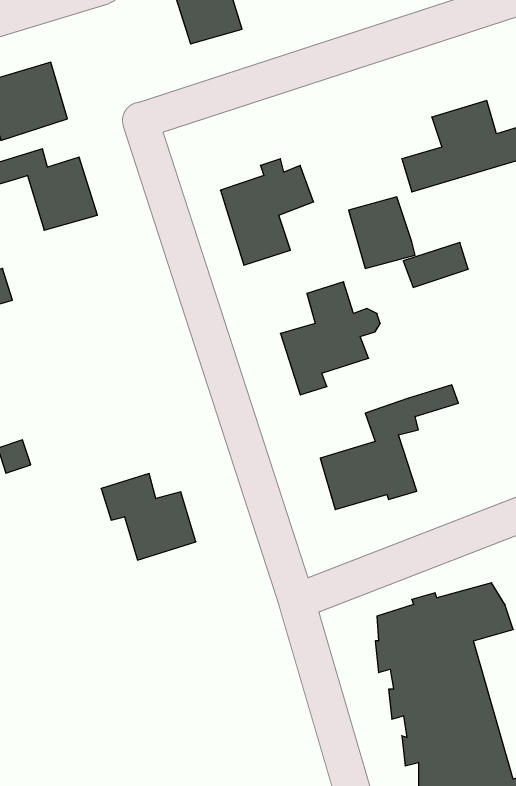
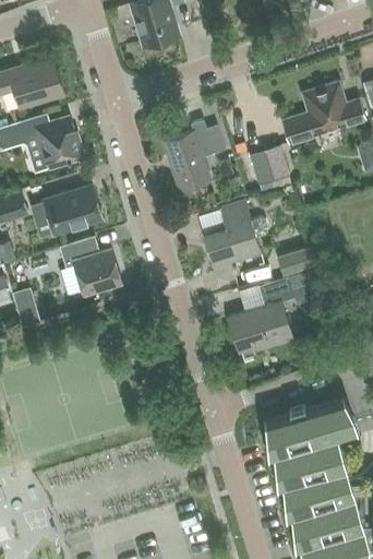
building: [403,242,468,287] -> [280,246,323,275]
building: none -> [44,185,101,234]
building: [101,474,196,560] -> [59,237,121,294]

